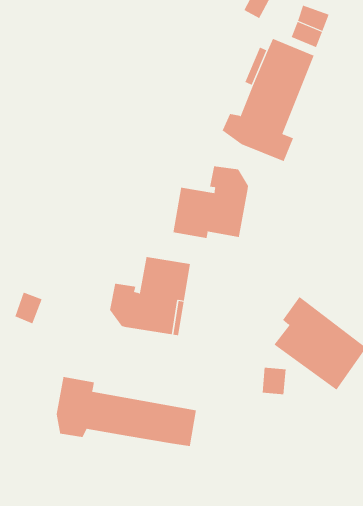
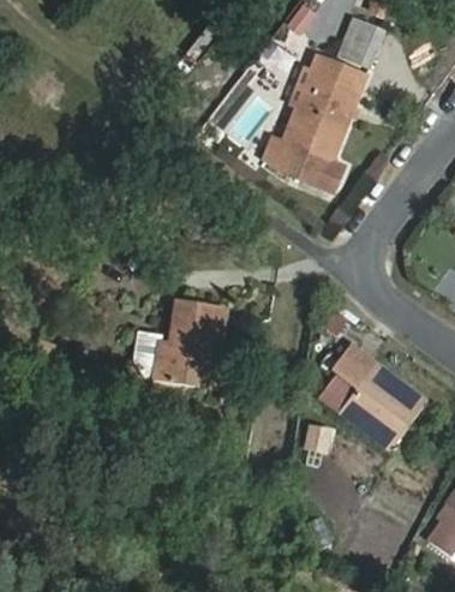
building: [173,165,248,239] -> none
building: [56,376,197,447] -> none

